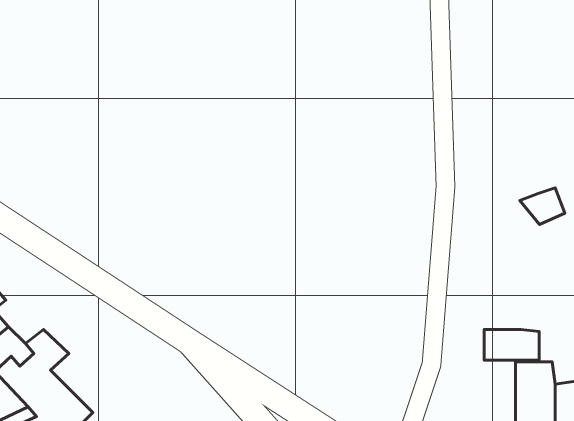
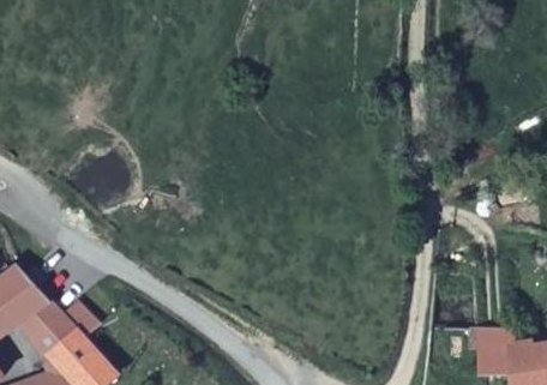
building: [484,329,539,360] -> none

